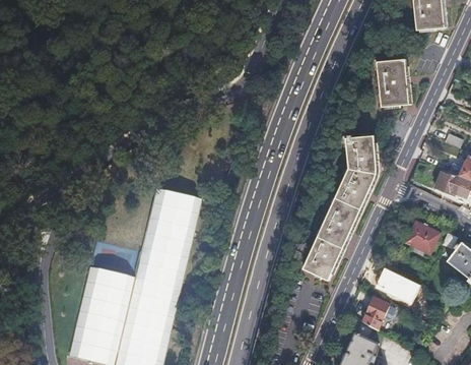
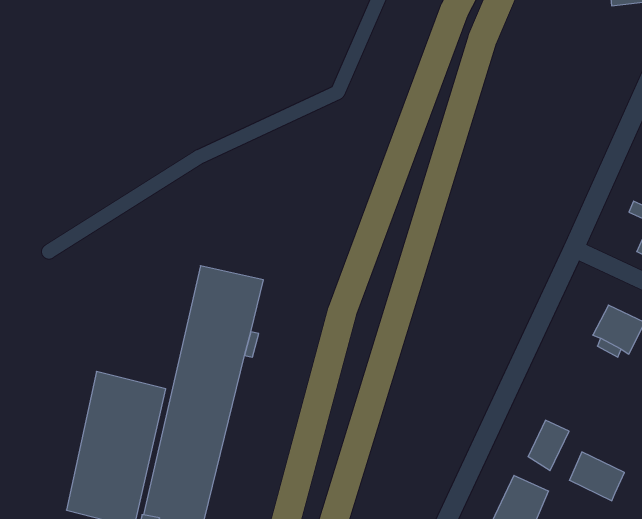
building: [379,59,410,106] -> none
building: [304,134,378,280] -> none
building: [378,268,413,300] -> [569,452,624,501]

